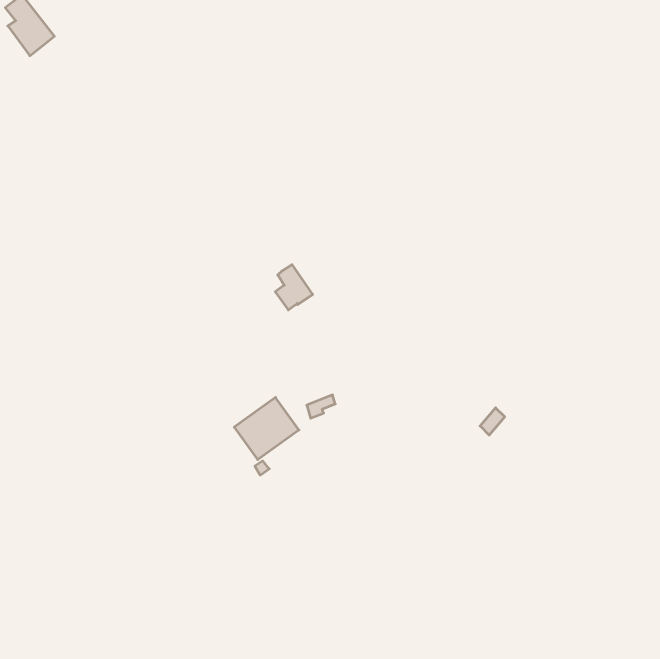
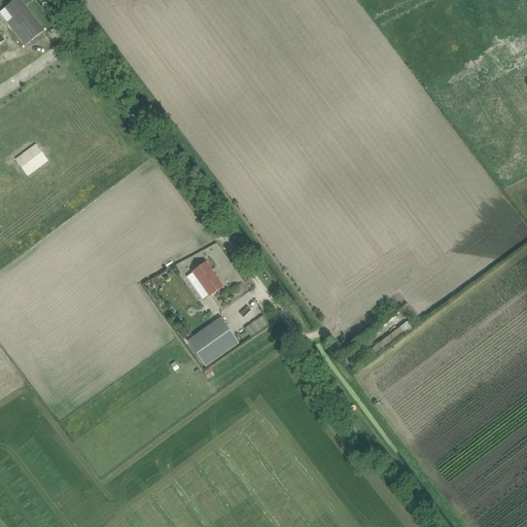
building: [275,265,313,310] -> [191,261,221,297]

